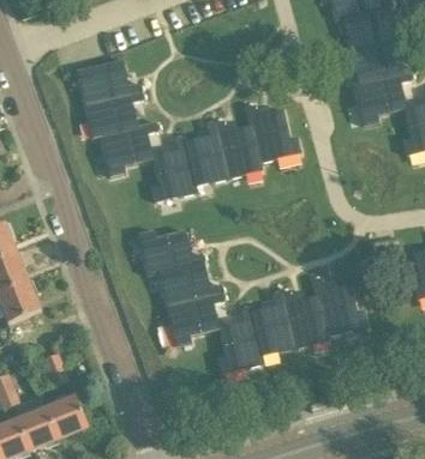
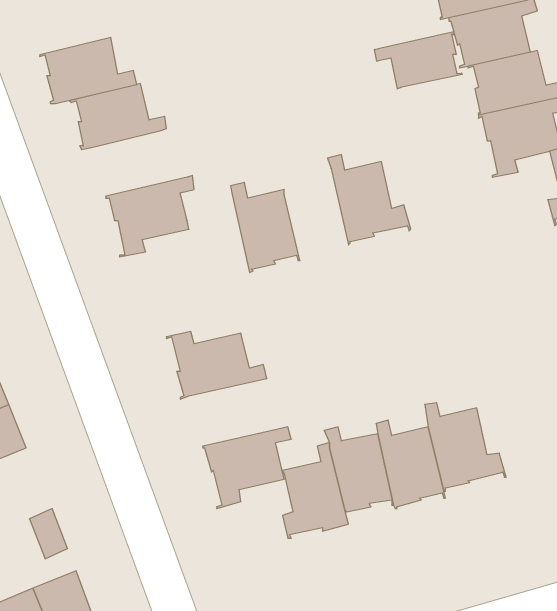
building: none -> [375,32,462,89]
building: [84,91,151,137] -> [40,38,137,103]
building: [219,117,264,185] -> none
building: [150,135,197,203] -> none
building: [152,261,215,309] -> none

